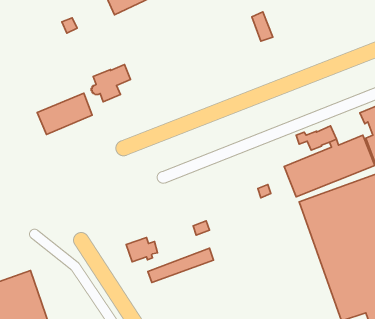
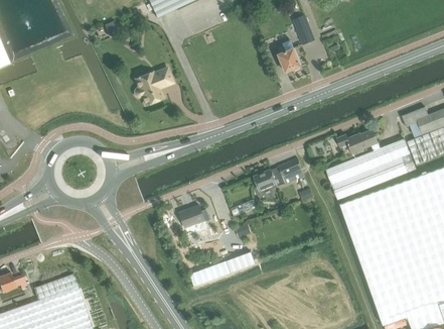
building: none -> [278,40,300,73]
building: [37,93,92,134] -> none
building: none -> [253,158,304,191]
building: [126,238,157,262] -> [178,205,209,229]

